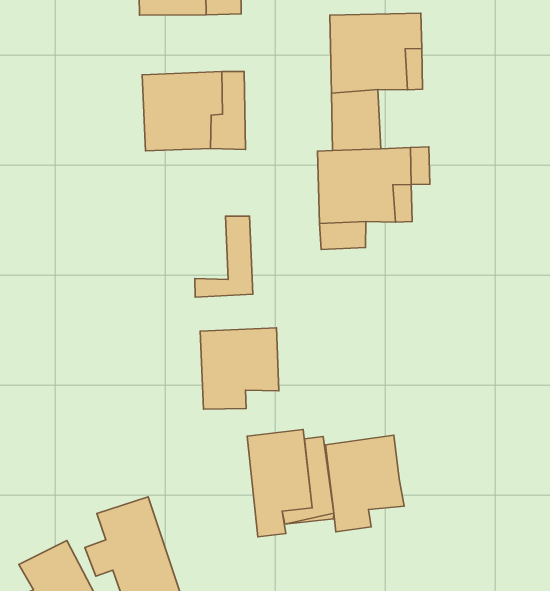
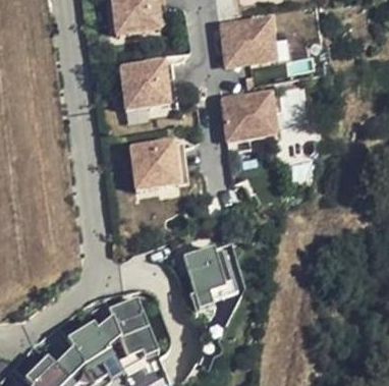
building: [200,328,279,409] -> [127,139,173,186]
building: [325,435,404,532] -> none

